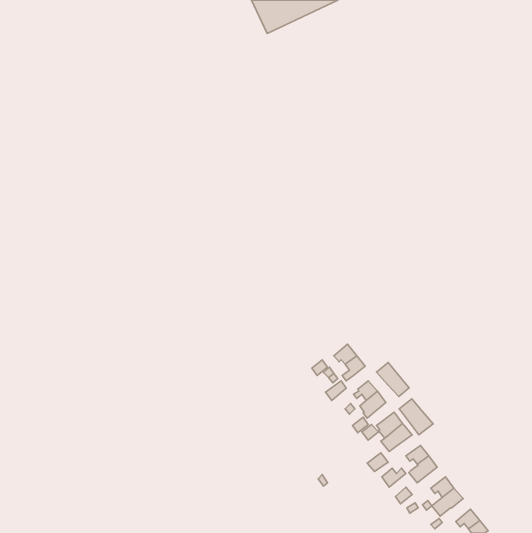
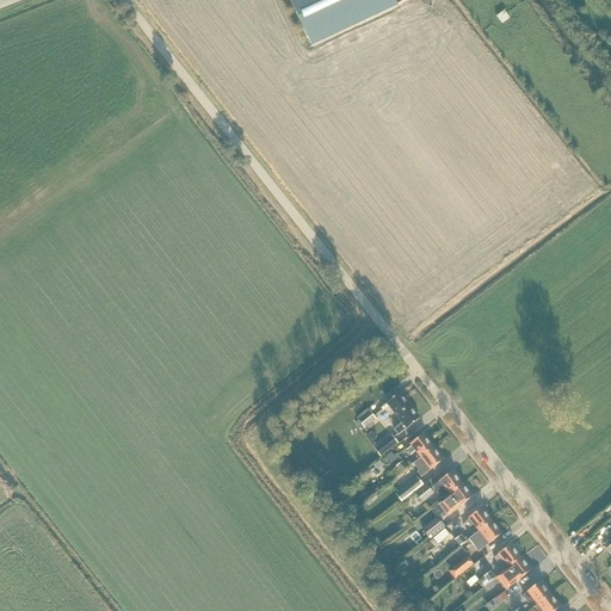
building: [376,362,409,397] -> none
building: [399,399,433,435] -> none

